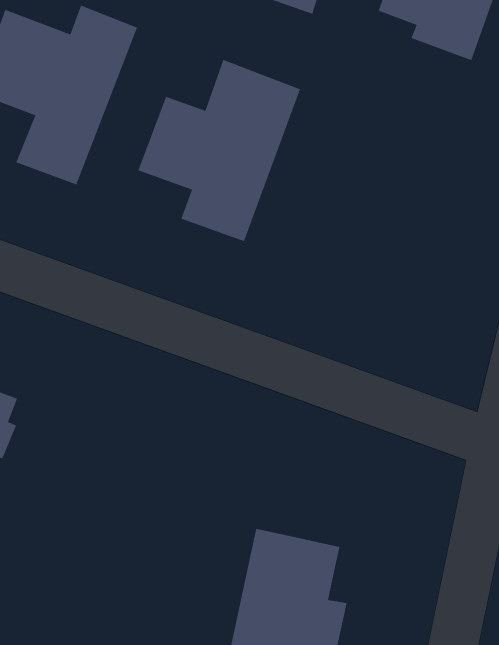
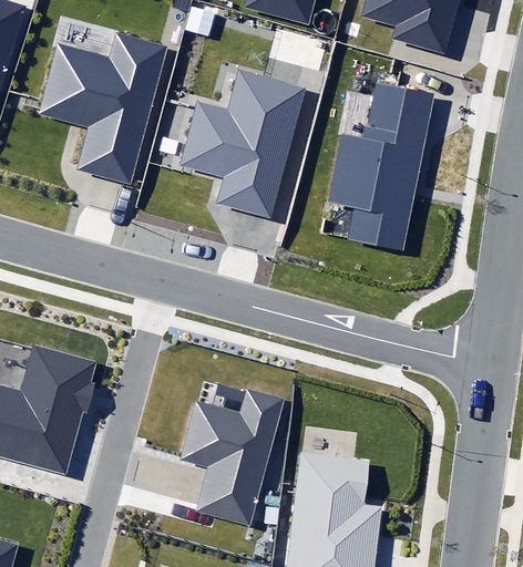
building: none -> [329,81,437,250]
building: none -> [178,392,281,525]

